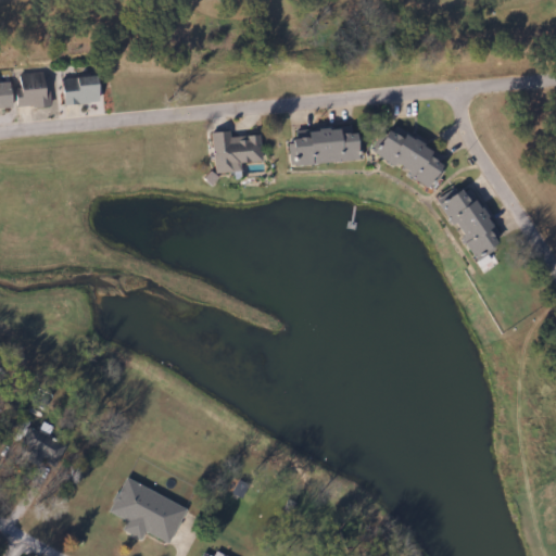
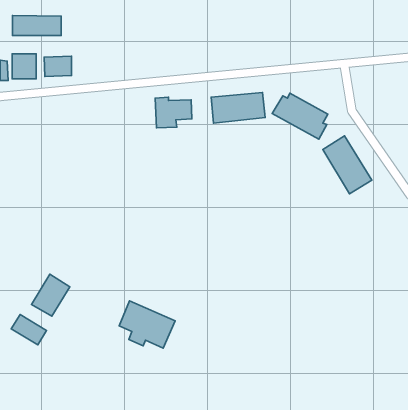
building: none -> [12,15,61,35]
building: none -> [31,274,70,316]
building: [109,479,185,543] -> [119,301,175,348]

